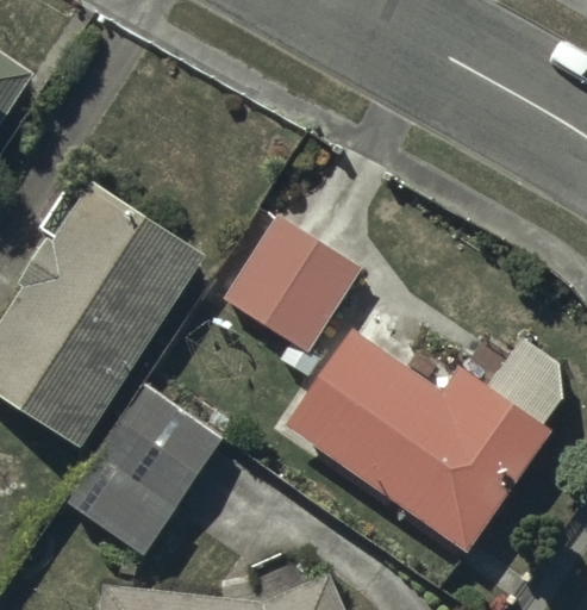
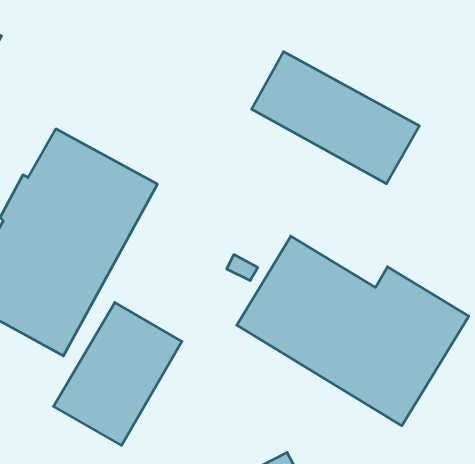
building: none -> [252,52,419,184]
building: [225,218,360,351] -> none

